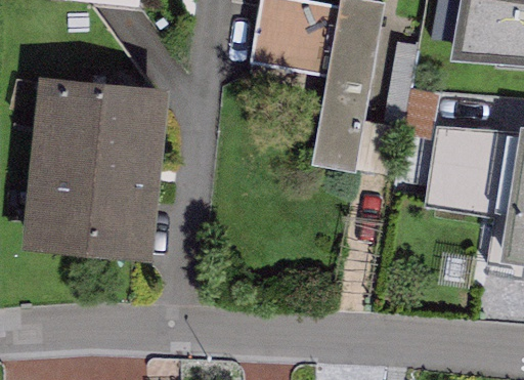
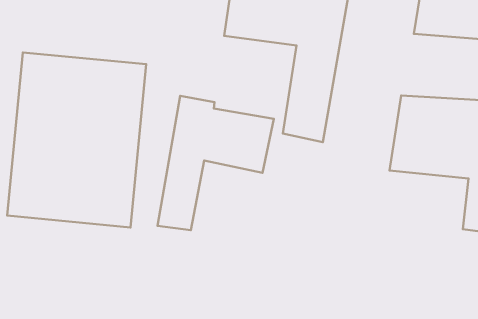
building: none -> [158,96,274,230]

